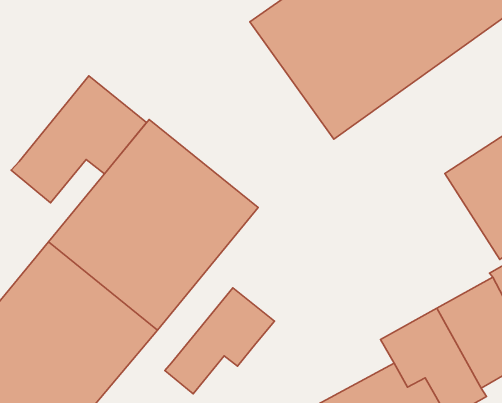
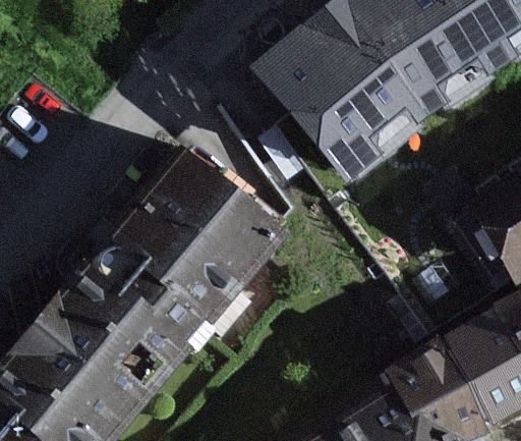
building: [11,76,147,203] -> none
building: [165,288,274,394] -> none

